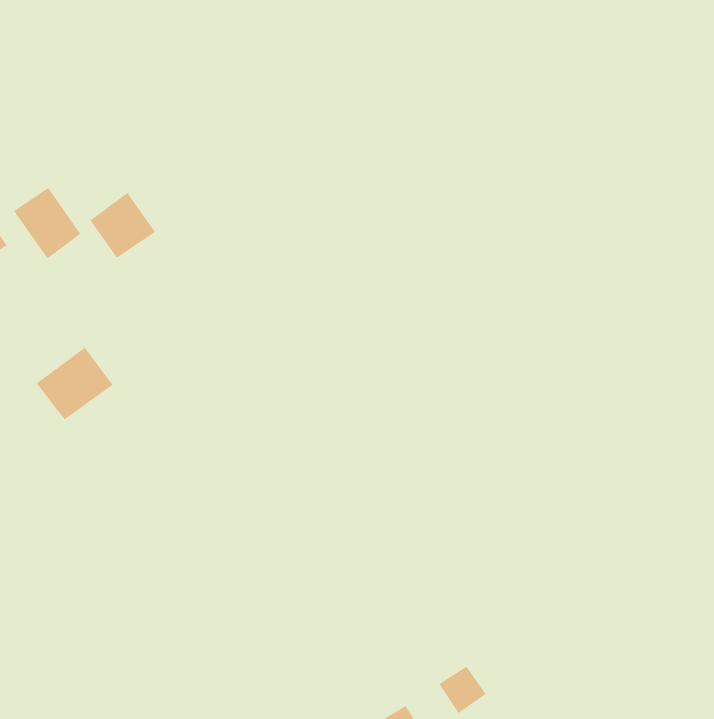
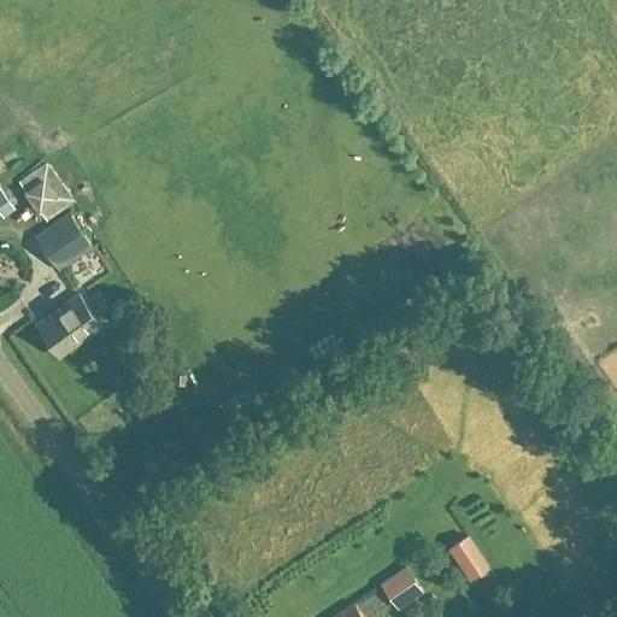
building: [90,192,156,259] -> [34,216,90,272]
building: none -> [447,535,487,580]

